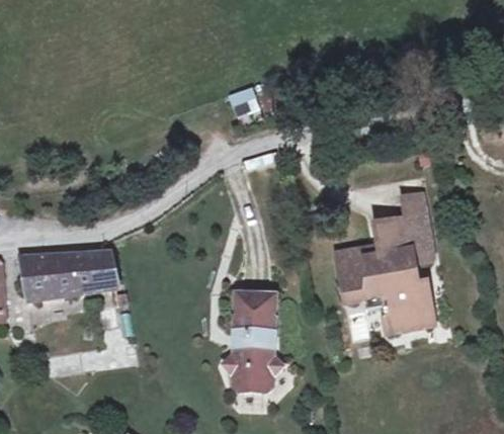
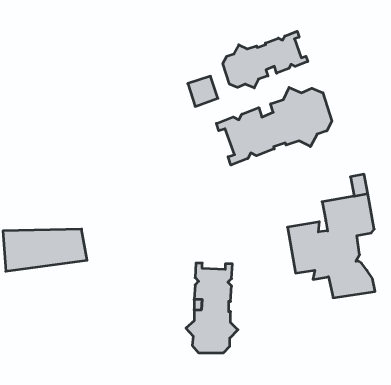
building: none -> [223,31,308,88]
building: none -> [216,87,332,165]

